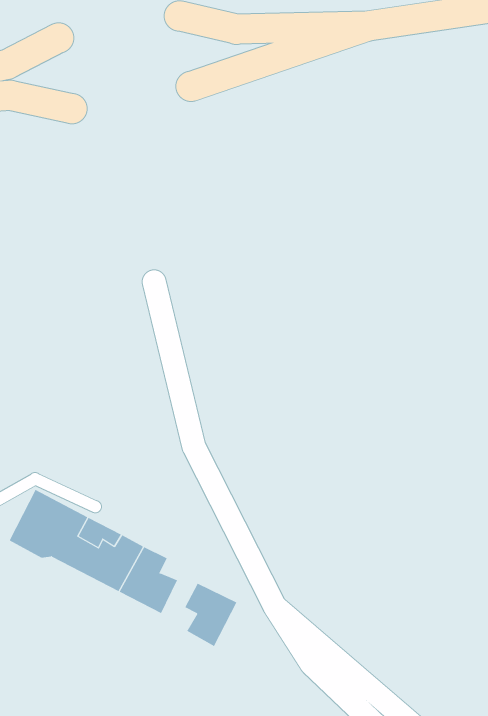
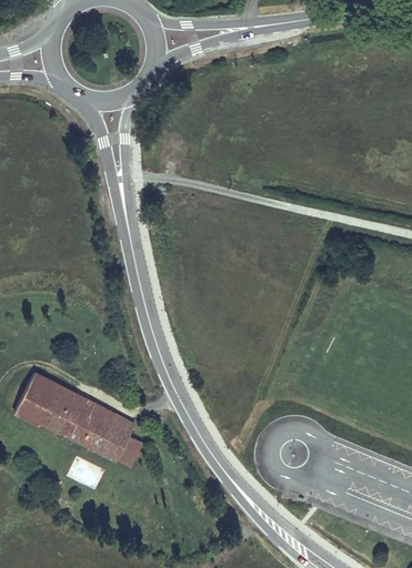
building: [185,583,237,647] -> none

